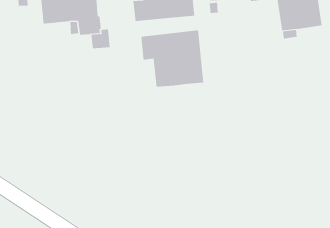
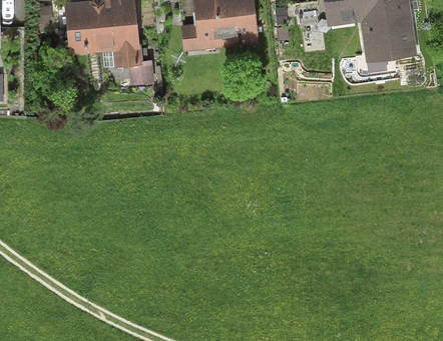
building: [141,30,204,88] -> none

